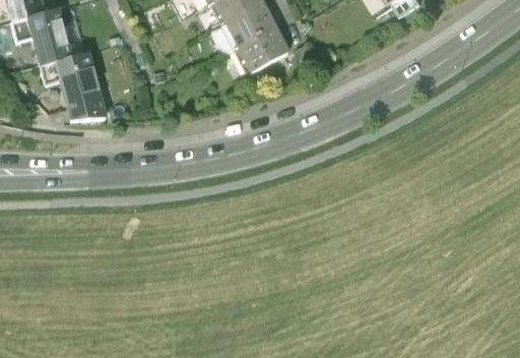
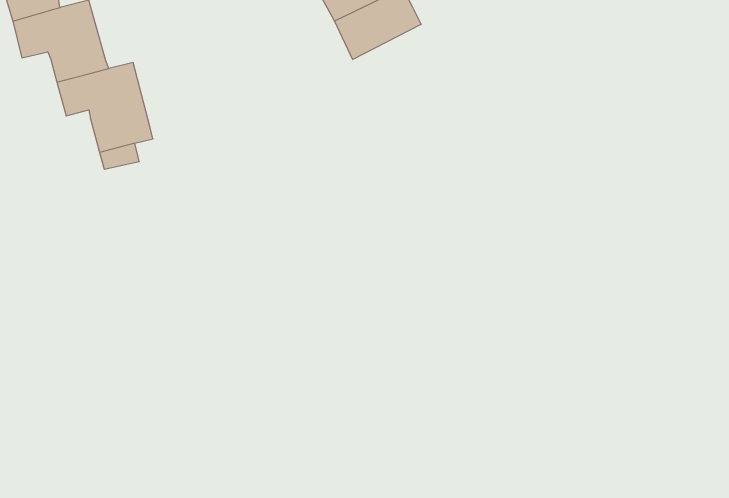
building: [236,24,294,72] -> none

